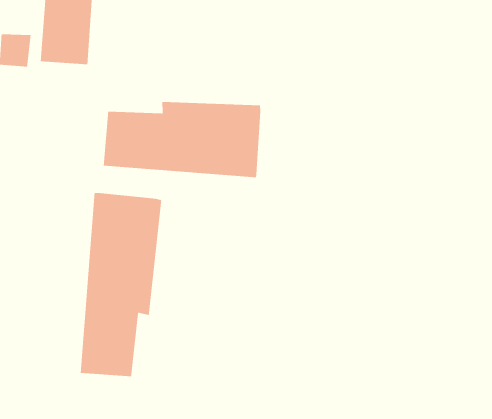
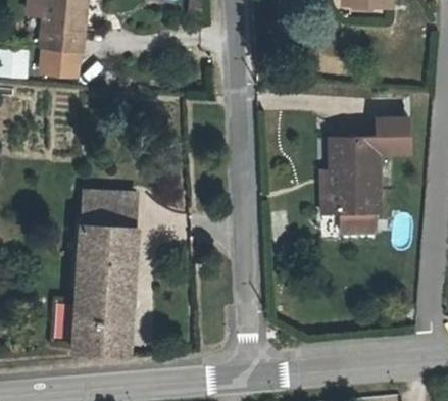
building: [103,101,261,178] -> none
building: none -> [315,120,415,216]

